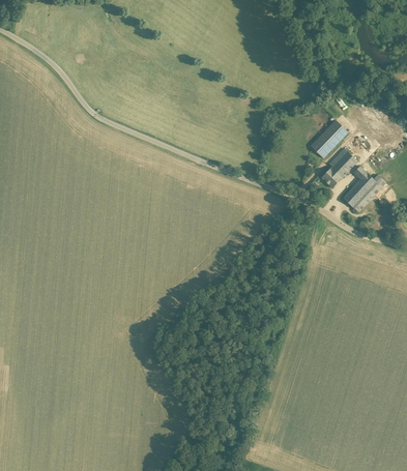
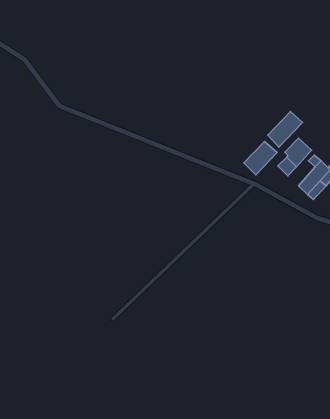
building: none -> [244,142,277,175]

